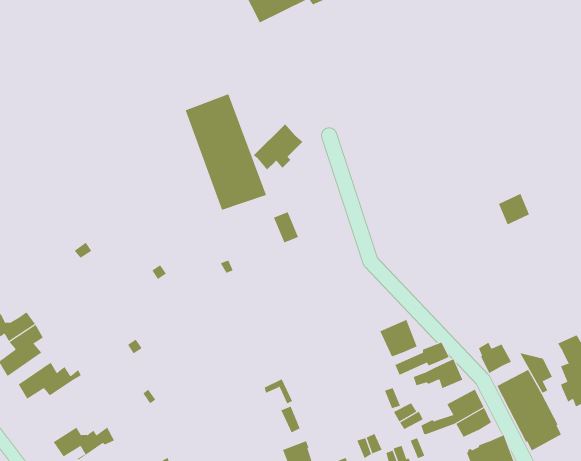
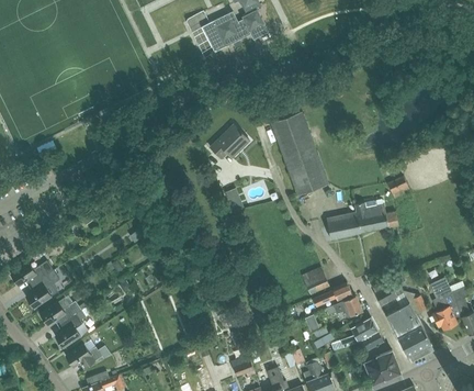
building: [185,94,267,210] -> [270,111,329,196]
building: none -> [326,201,398,239]
building: none -> [55,311,88,348]

